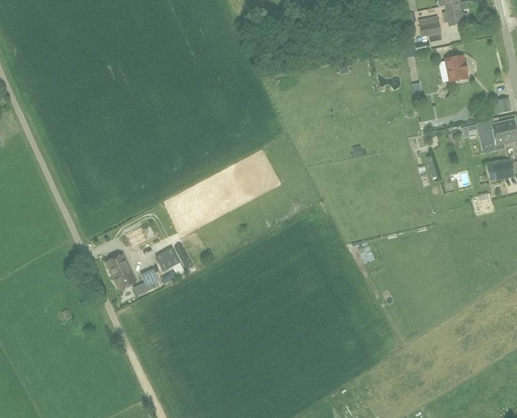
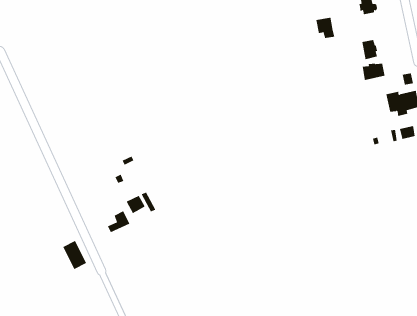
building: [419,14,443,40] -> [316,17,335,39]
building: none -> [362,63,385,81]
building: [107,252,137,289] -> [62,240,87,270]

